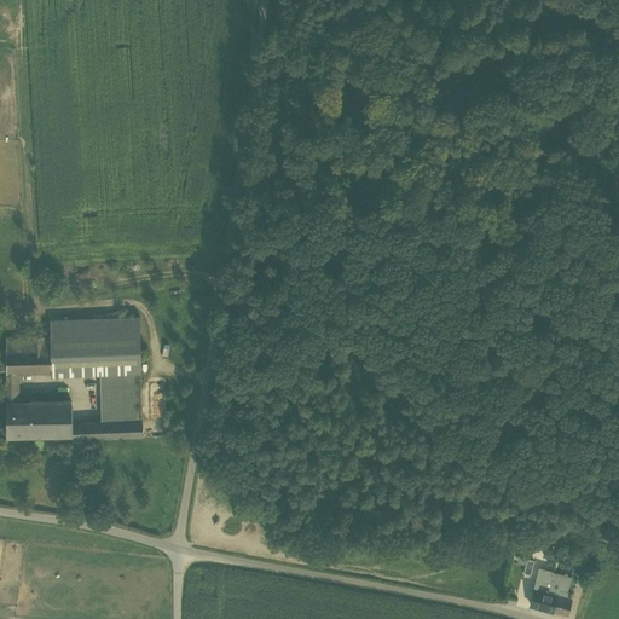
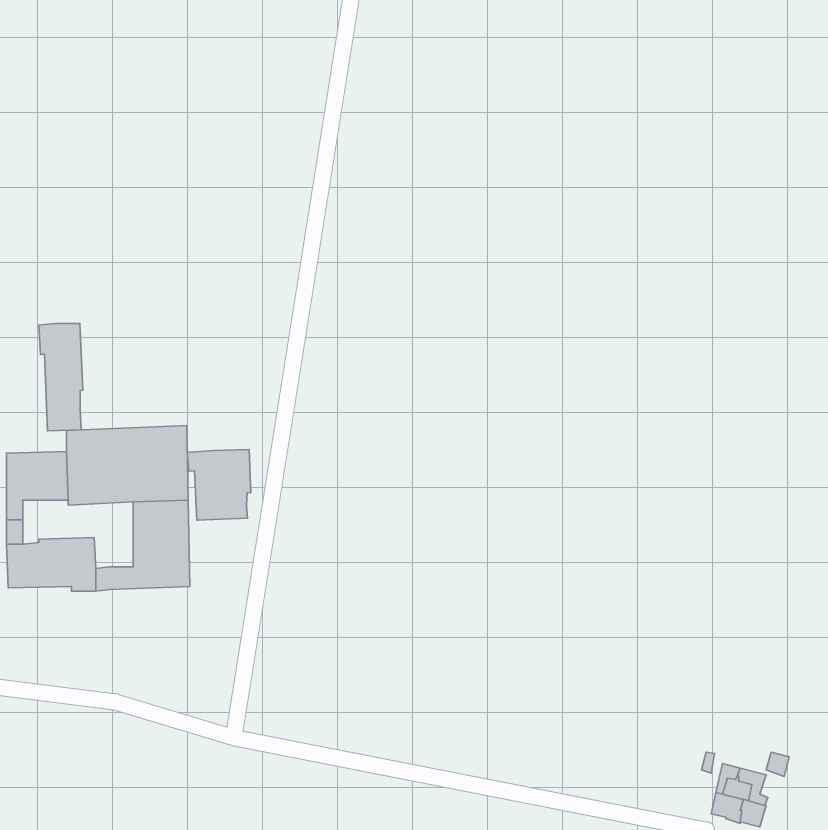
building: none -> [39,323,83,431]
building: none -> [187,450,251,520]

